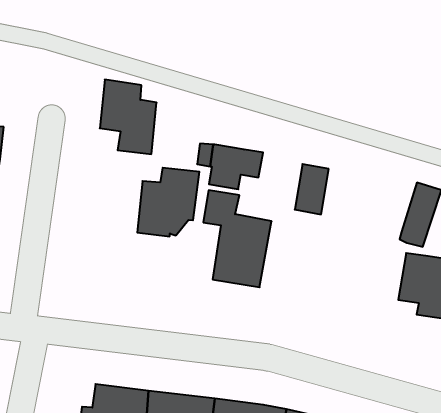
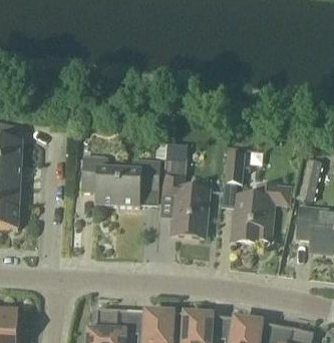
building: [100,80,157,154] -> [81,156,118,205]
building: none -> [230,185,287,241]

